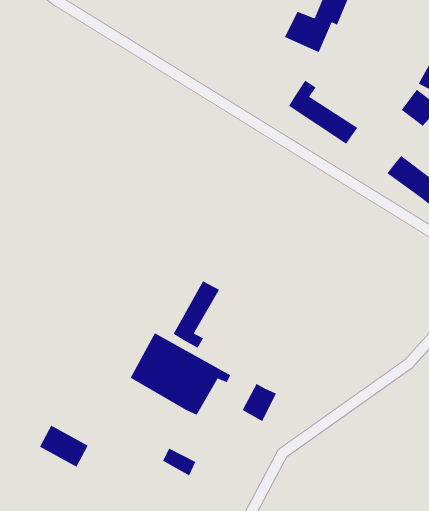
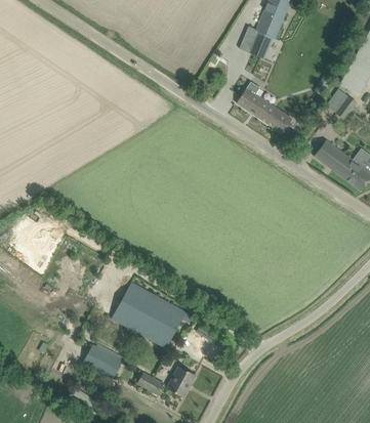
building: [173,281,220,349] -> none
building: [242,383,277,422] -> [167,366,195,396]
building: [39,425,89,468] -> [83,344,122,378]

